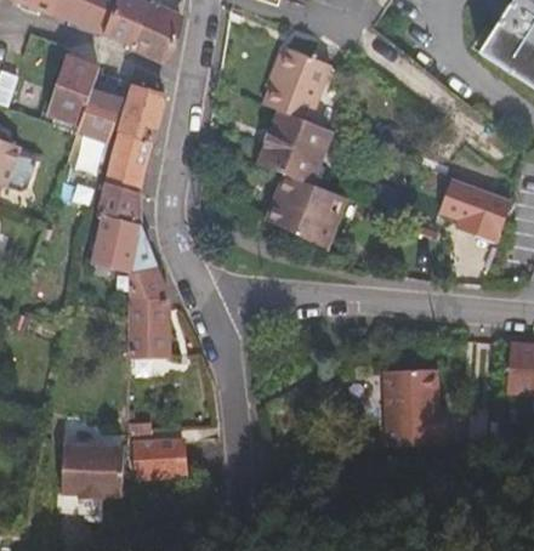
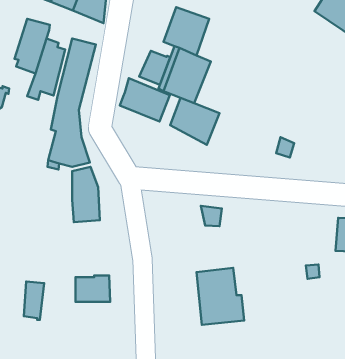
building: none -> [139,51,170,85]
building: none -> [120,78,170,121]
building: [447,174,516,242] -> none
building: [365,359,433,441] -> [197,268,244,325]
building: [84,438,125,493] -> none

